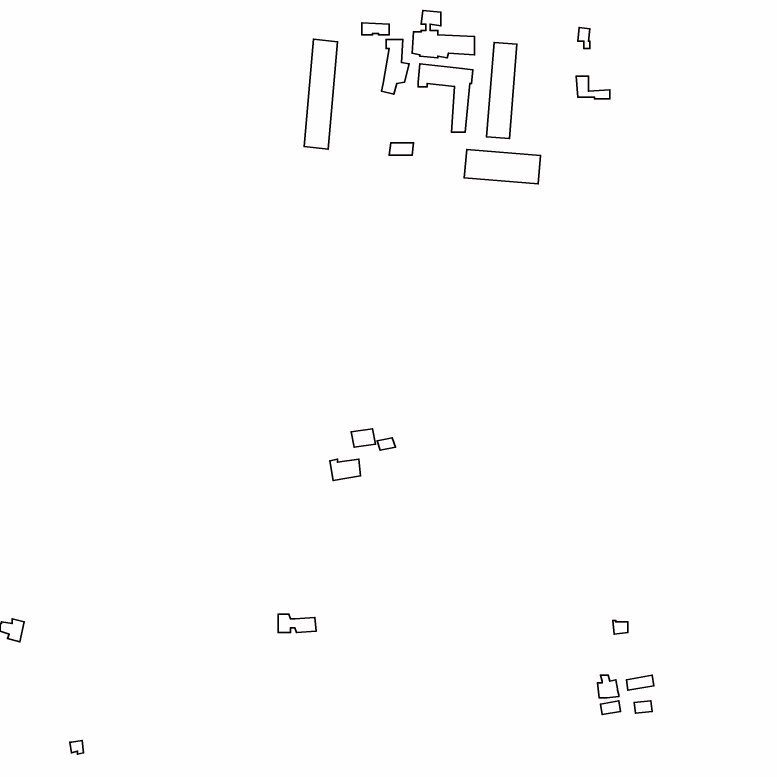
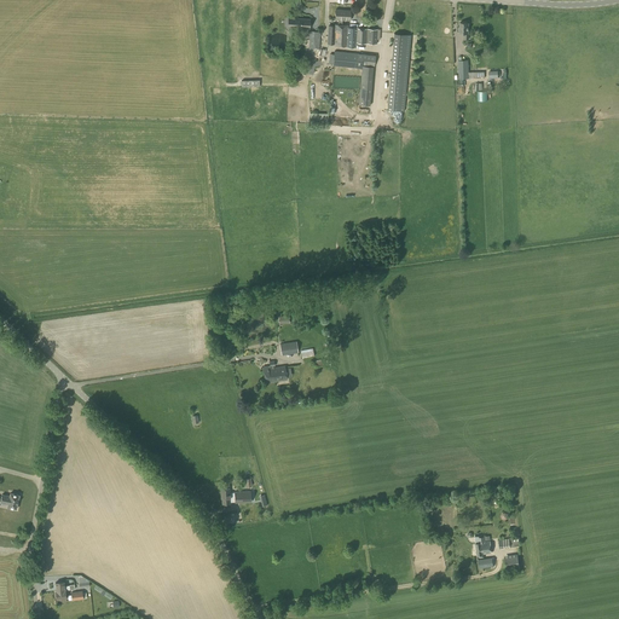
building: [304,39,337,149] -> none
building: [464,149,541,184] -> none

